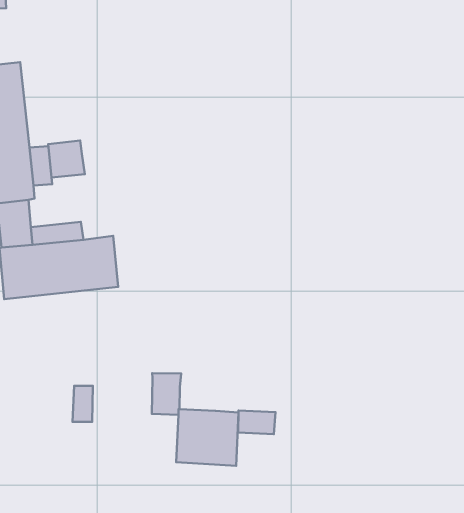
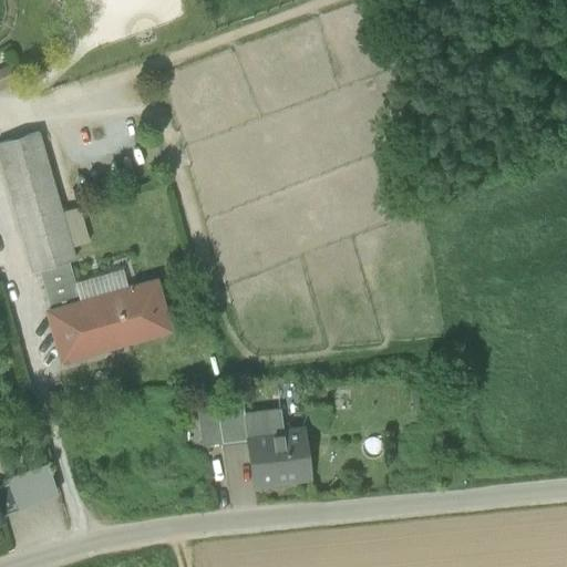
building: [48,140,85,178] -> none
building: [72,386,93,422] -> [199,412,223,450]
building: [238,410,275,434] -> [245,412,282,437]

